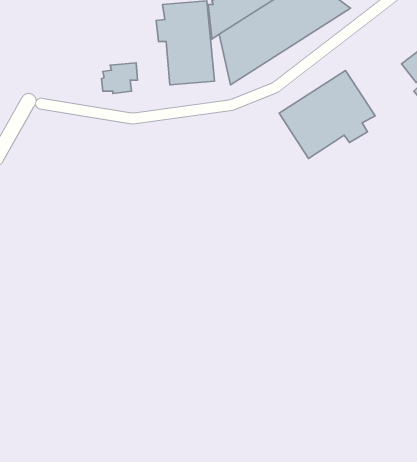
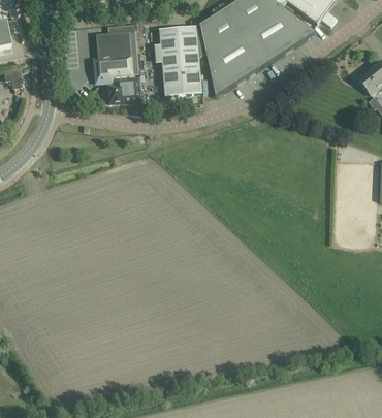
building: none -> [95,31,139,81]
building: [279,71,375,158] -> none

